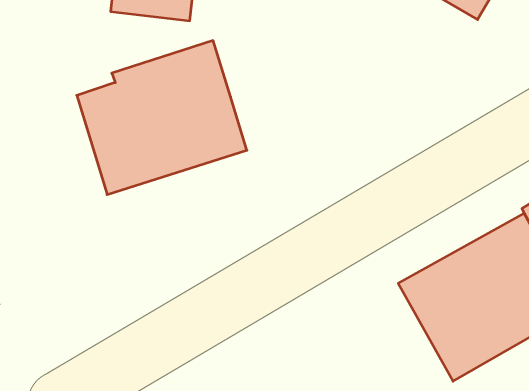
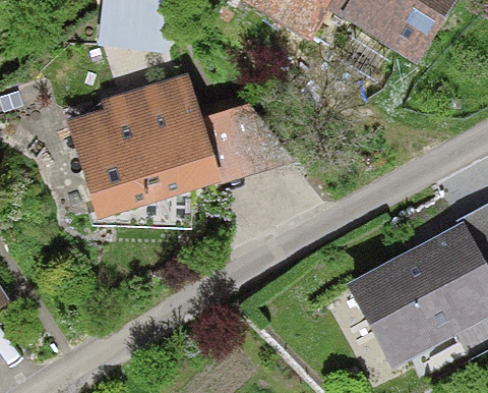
building: none -> [95,107,290,220]

